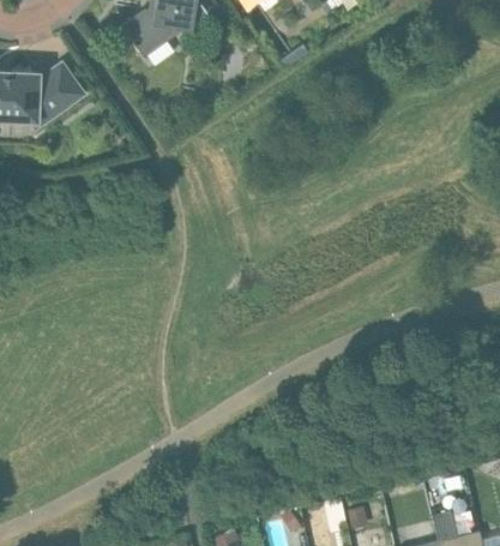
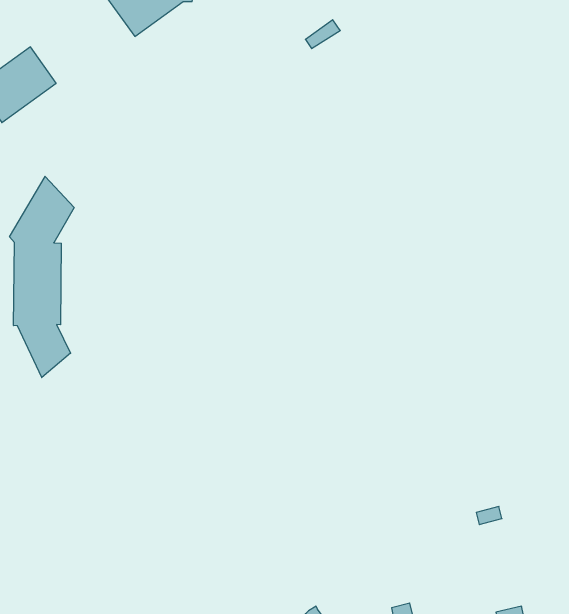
building: none -> [10,176,74,378]

